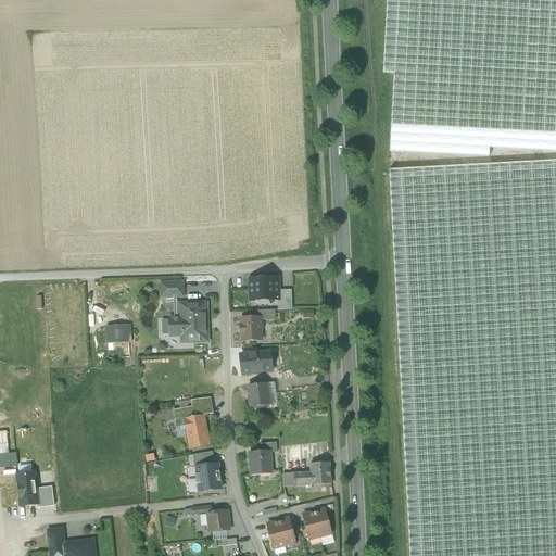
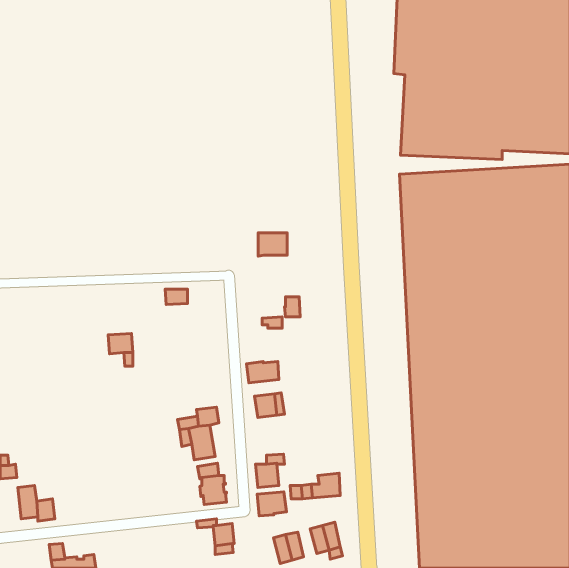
building: [251,277,279,300] -> [258,233,287,256]
building: [170,302,208,341] -> none
building: [241,316,263,340] -> none
building: none -> [257,492,287,516]

